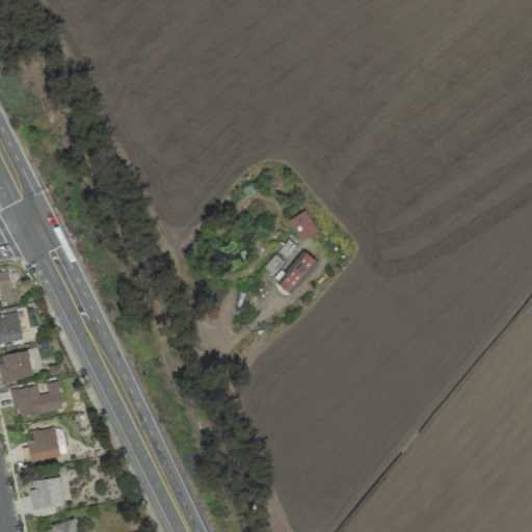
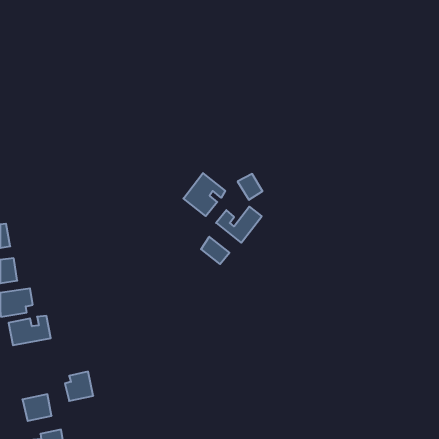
building: none -> [183,173,225,216]
building: none -> [201,237,229,264]
building: [26,427,60,462] -> [65,372,93,401]

